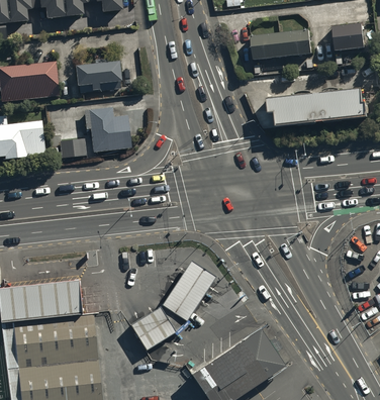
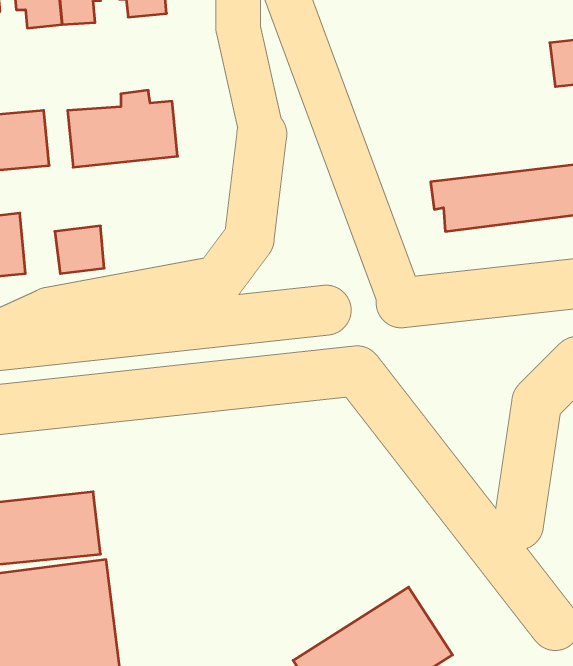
building: [250,30,313,64] -> none
building: [86,105,132,149] -> none
building: [131,258,217,347] -> none

